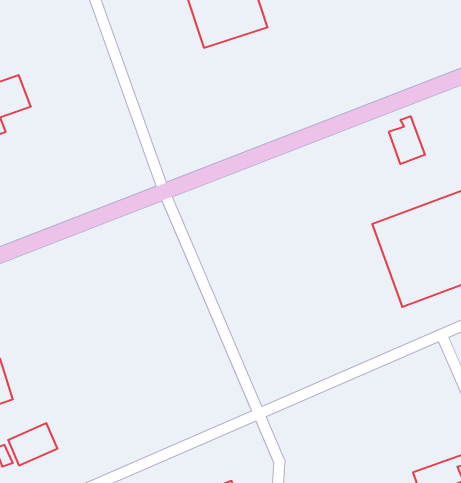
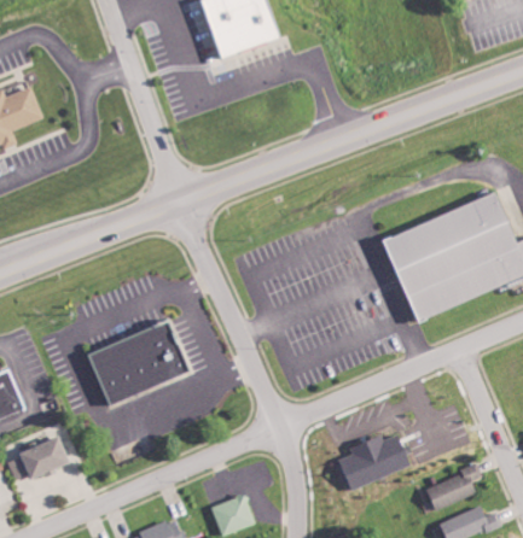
building: [389,116,425,164] -> none
building: none -> [87,321,188,405]
building: none -> [337,434,409,491]

